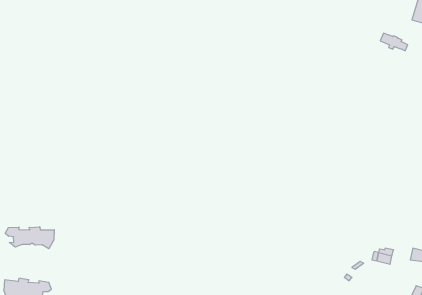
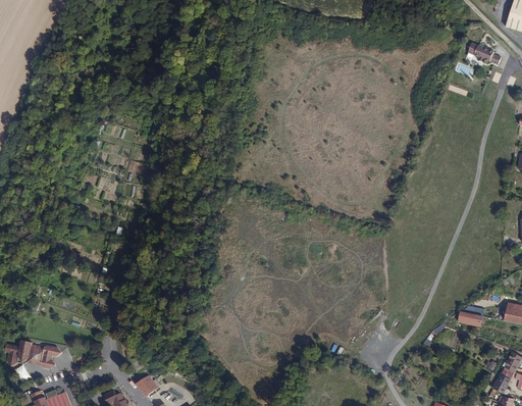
building: [5,227,54,249] -> none

